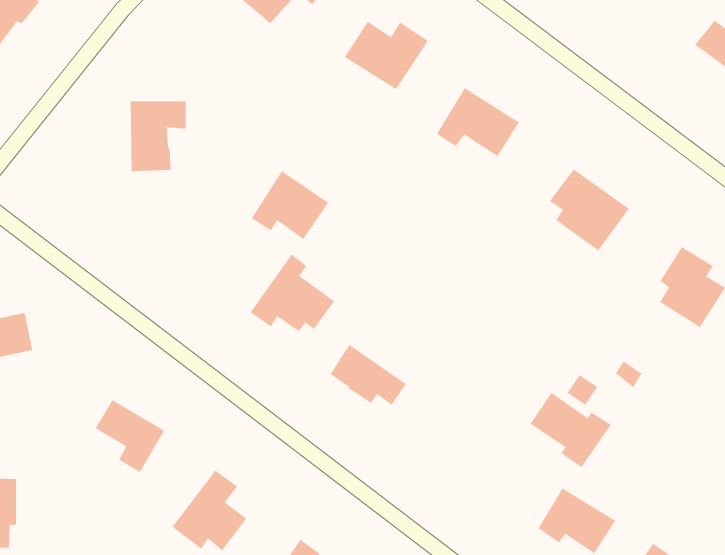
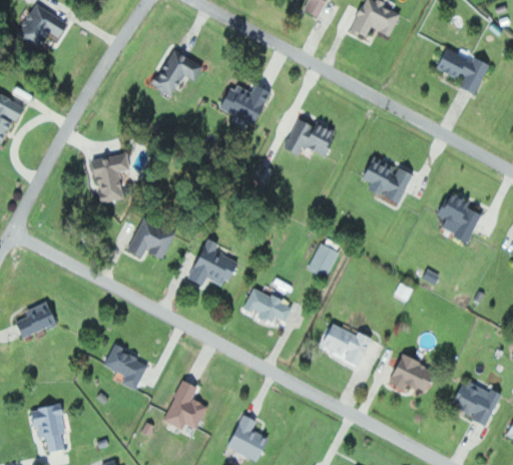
building: [251,170,329,240] -> [128,218,175,260]
building: none -> [307,244,338,279]
building: [530,392,612,468] -> [321,324,372,368]

